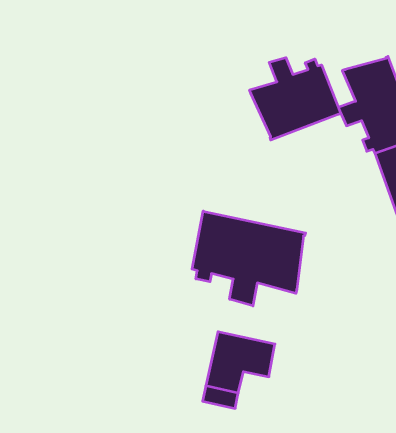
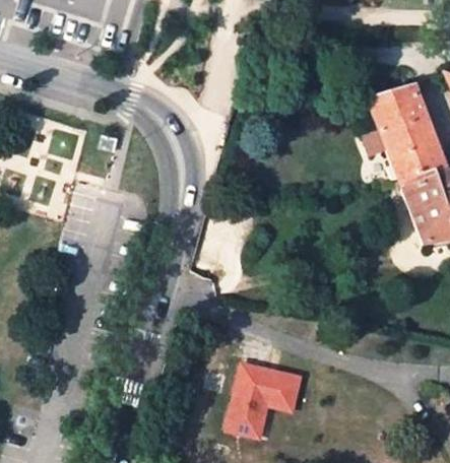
building: [250,58,341,140] -> none
building: [192,211,306,306] -> none

